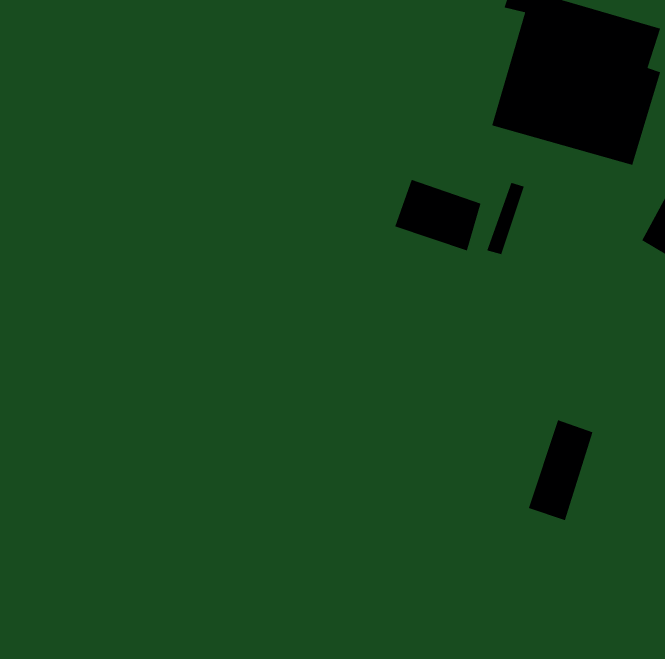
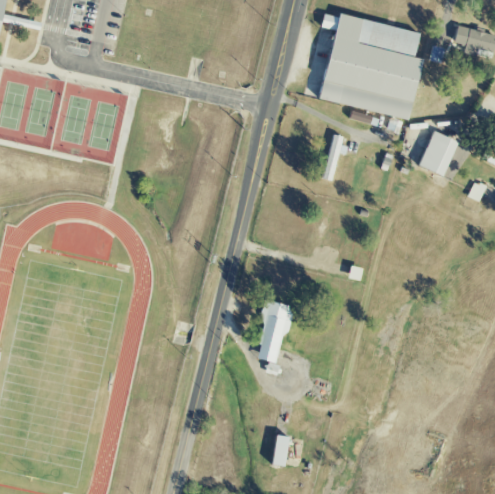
building: [394,179,482,251] -> none
building: [528,419,594,521] -> [255,300,292,363]

